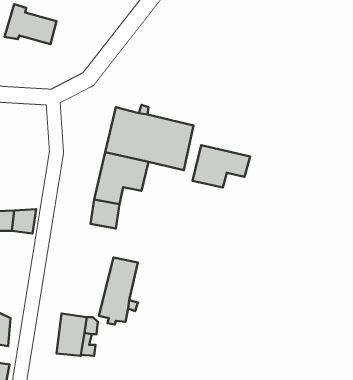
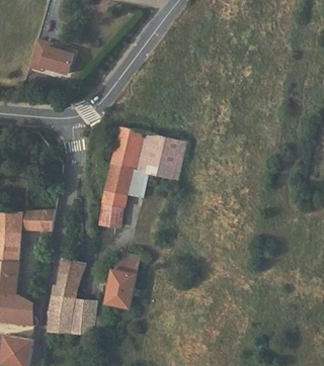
building: [193,145,250,187] -> none
building: none -> [49,258,85,332]

